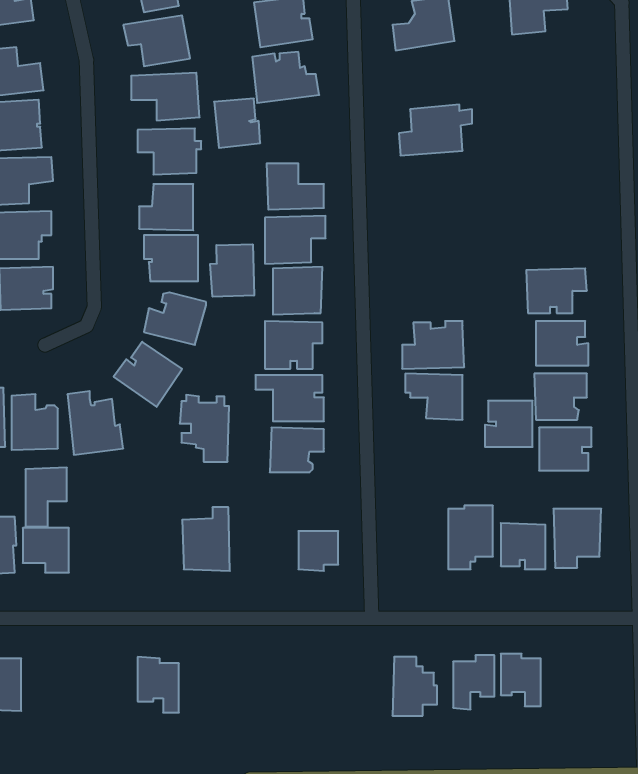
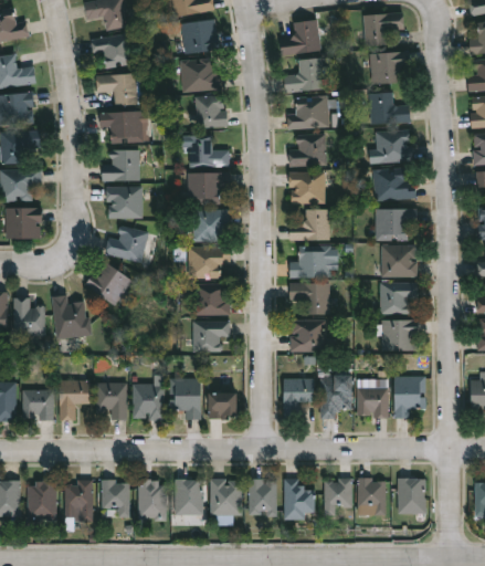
building: none -> [368,51,401,85]
building: none -> [282,57,331,92]
building: [214,99,260,148] -> [197,94,229,128]
building: none -> [366,92,408,125]
building: none -> [373,129,412,164]
building: none -> [291,134,328,167]
building: none -> [370,167,413,201]
building: none -> [292,172,328,203]
building: [210,244,254,297] -> none
building: none -> [289,209,328,239]
building: [180,395,229,462] -> [170,373,204,419]
building: [485,401,533,447] -> [292,318,325,350]
building: [25,468,67,527] -> [62,379,91,420]
building: none -> [286,378,317,418]
building: none -> [97,382,129,420]
building: none -> [394,476,423,513]
building: none -> [177,478,202,514]
building: none -> [245,478,274,515]
building: none -> [31,479,60,518]
building: none -> [140,479,168,517]
building: none -> [207,479,240,525]
building: none -> [66,480,94,522]

